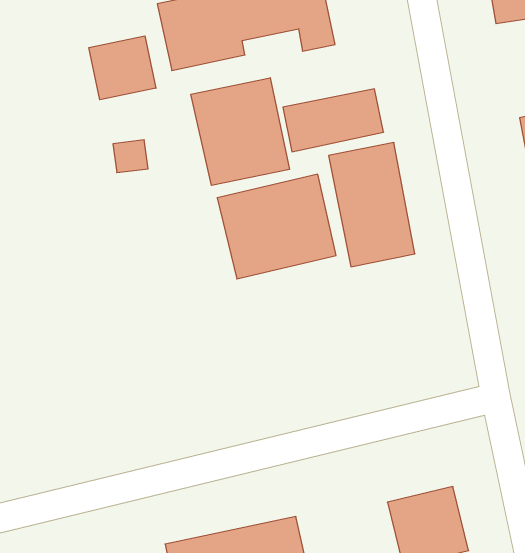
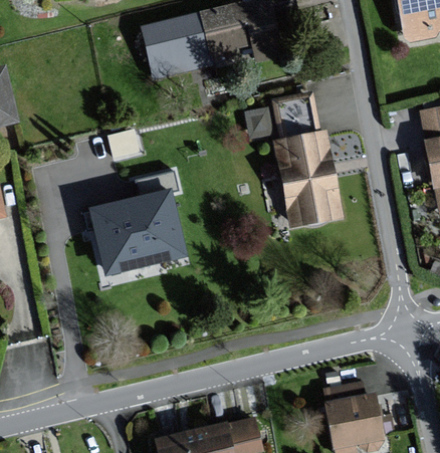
building: [89,36,156,100] -> none
building: [191,78,289,185] -> none
building: [217,174,336,279] -> [91,193,183,273]

